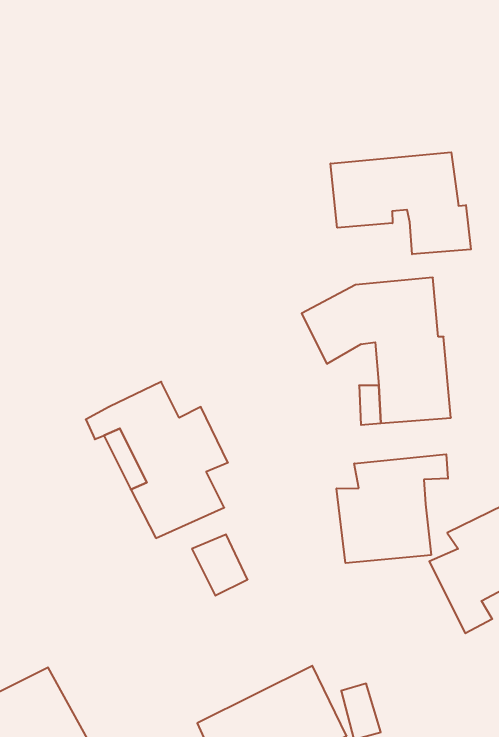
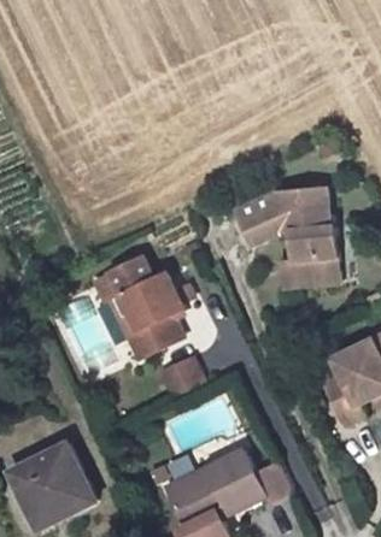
building: [331,152,471,254] -> none
building: [337,454,448,563] -> none

